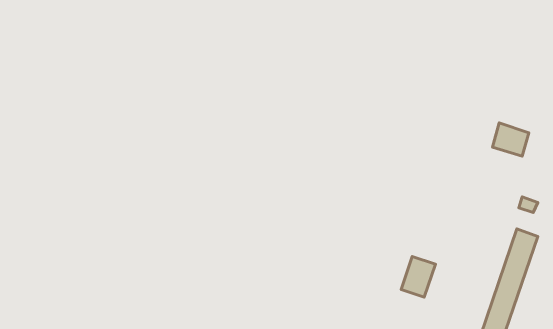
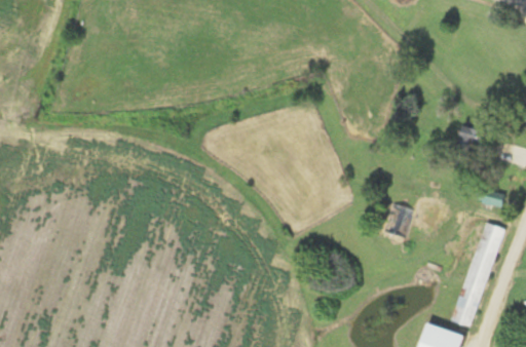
building: [401,256,435,297] -> [381,203,413,241]

